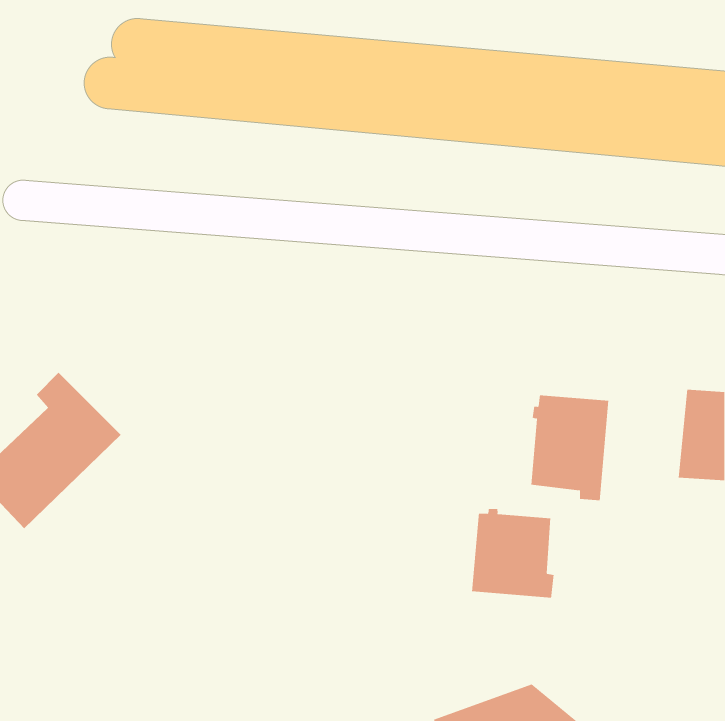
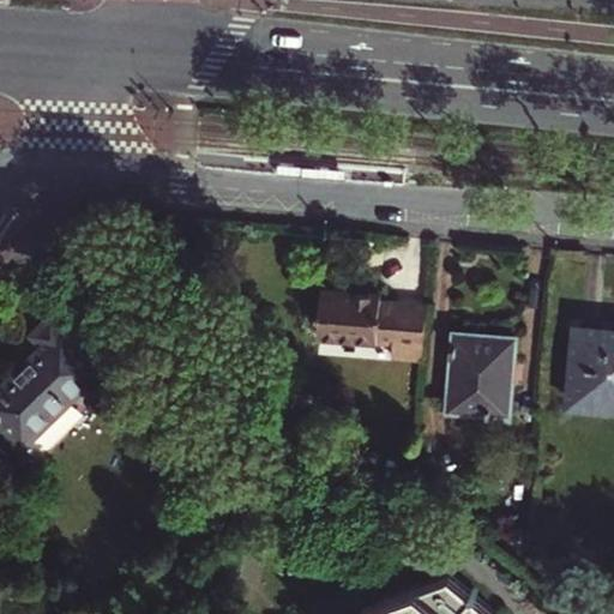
building: none -> [314,295,425,349]
building: [472,508,554,599] -> none

